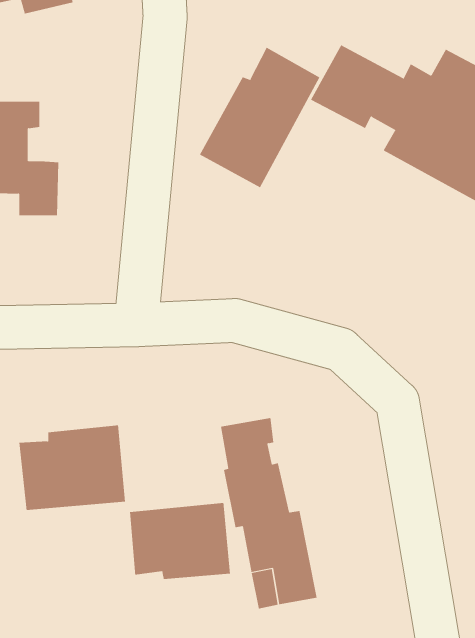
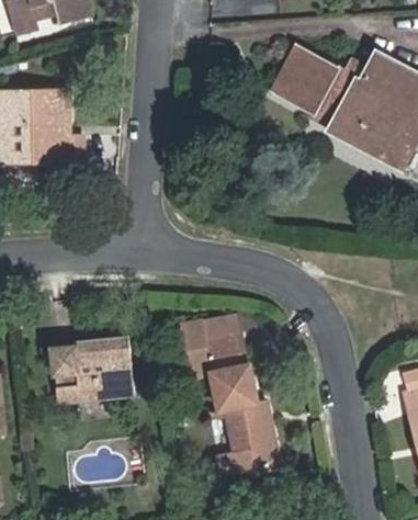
building: [199,47,320,188] -> none
building: [129,502,231,580] -> none

